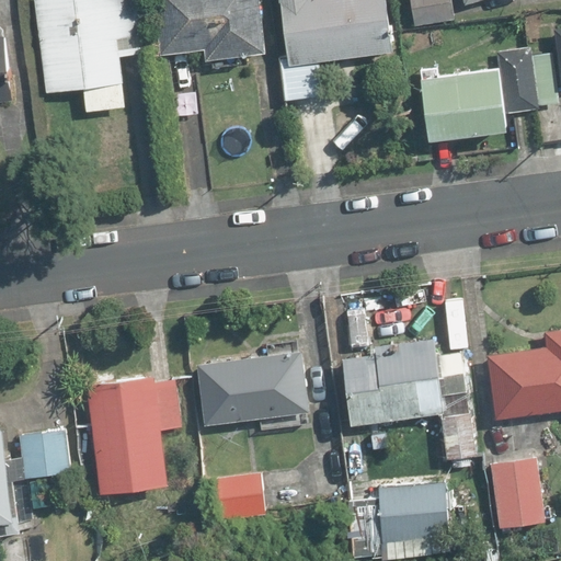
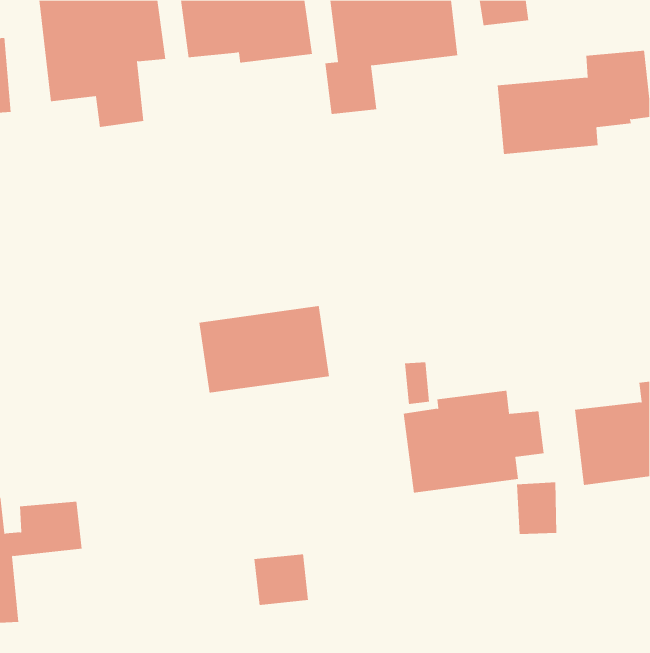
building: [195,351,307,425] -> [199,306,330,393]
building: [85,374,181,491] -> none
building: [491,458,545,528] -> none
building: [364,486,445,554] -> none

